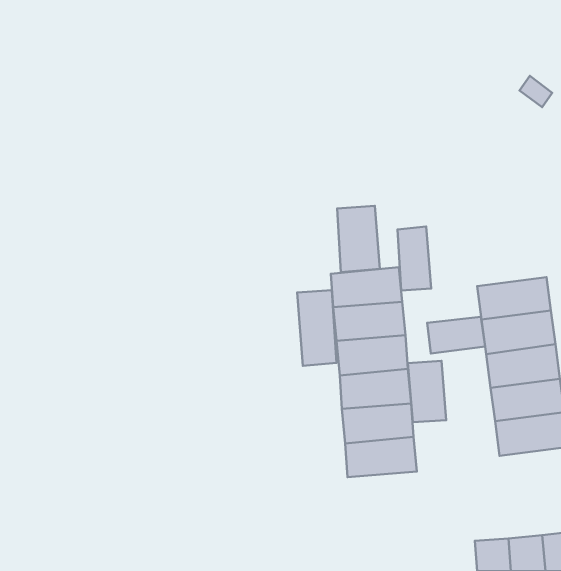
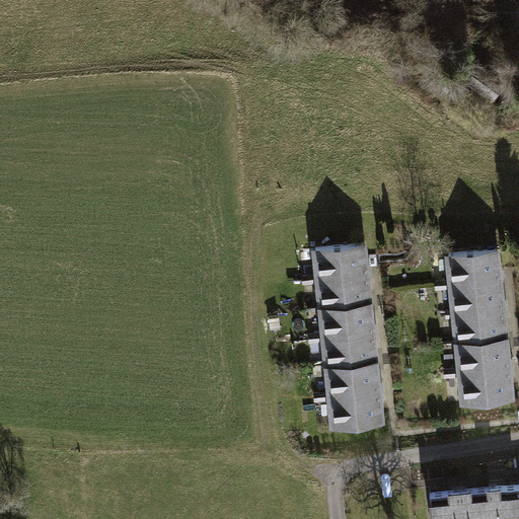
building: [337,206,380,272] -> none
building: [397,227,431,291] -> none
building: [297,290,337,366] -> none
building: [427,317,485,354] -> none
building: [408,361,446,422] -> none

